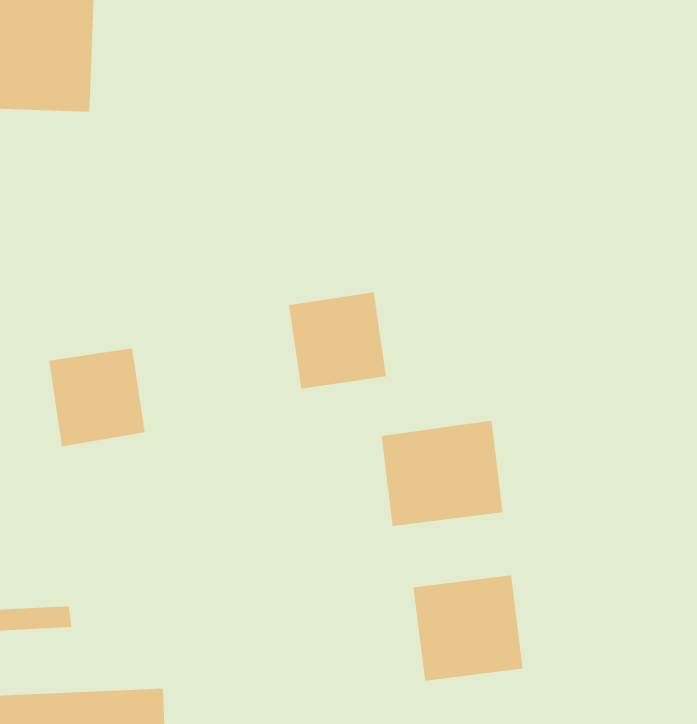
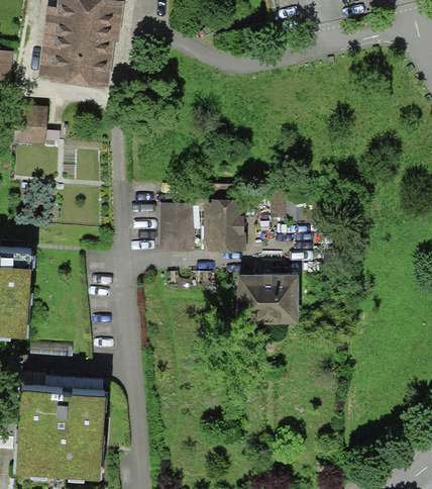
building: [48,348,145,447] -> [154,200,200,247]
building: [413,575,523,682] -> none

